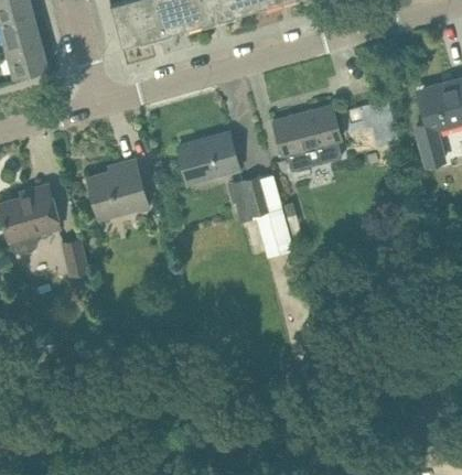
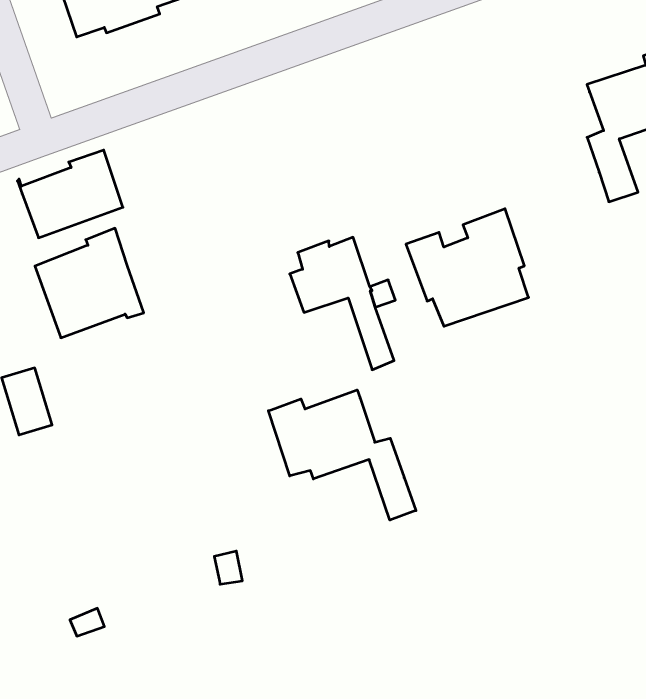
building: [271,105,341,171] -> [406,209,529,326]
building: [176,133,237,182] -> [17,150,123,238]
building: none -> [268,390,416,520]

